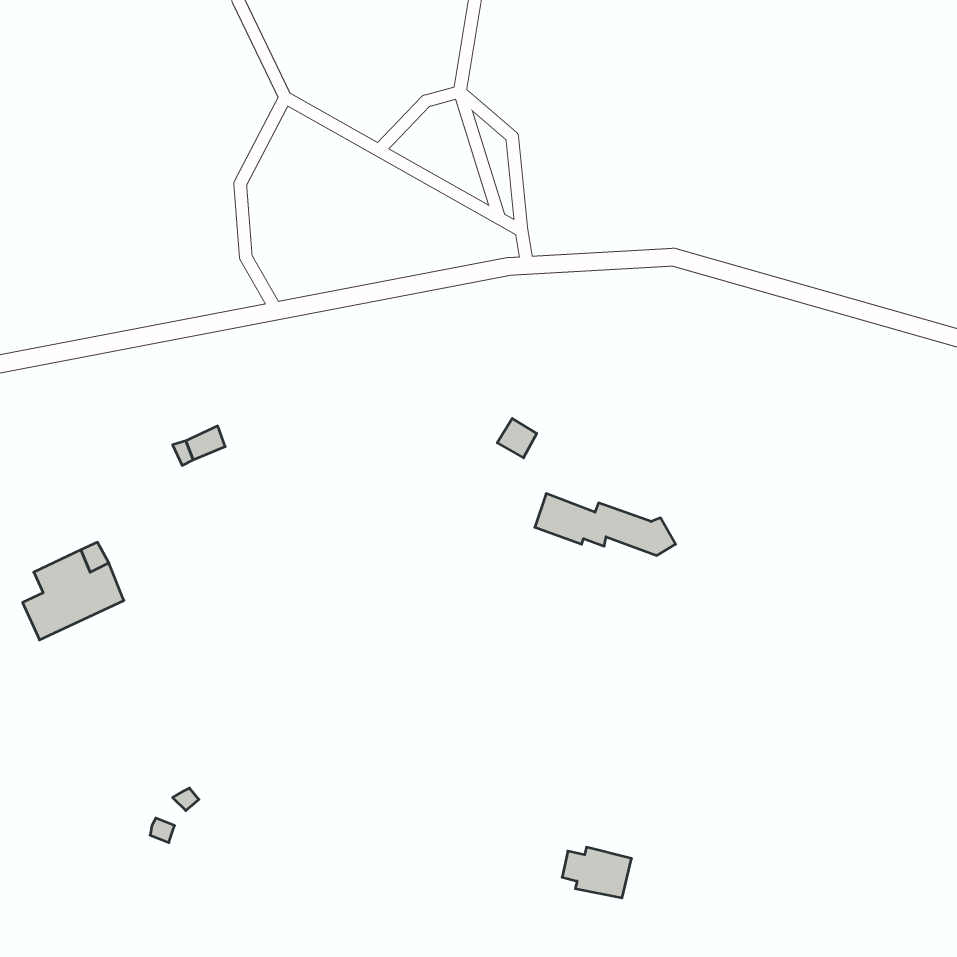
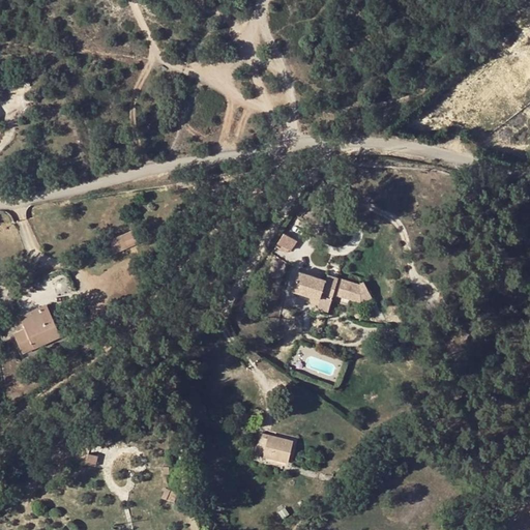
building: [562,847,632,898] -> [254,435,292,463]

